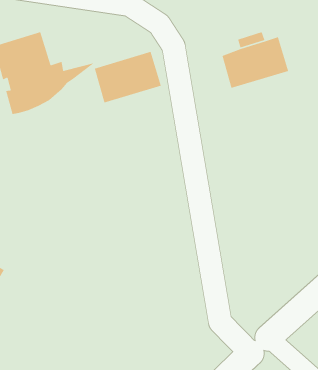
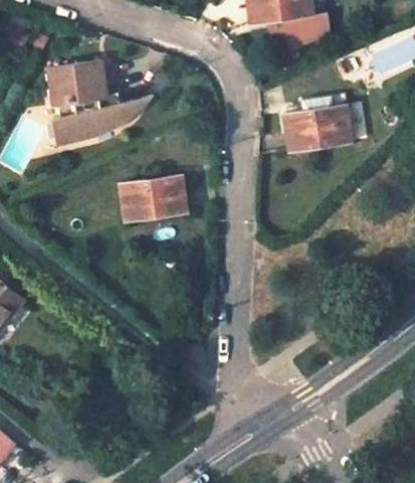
building: [94,51,162,104] -> [120,175,187,221]

